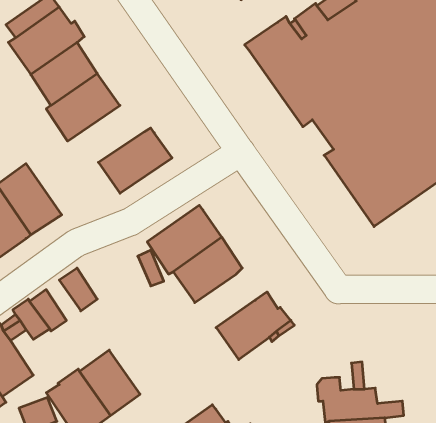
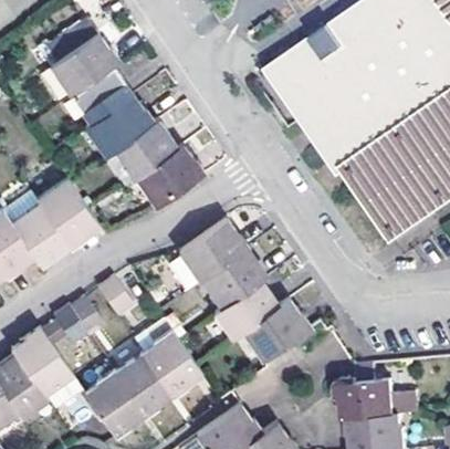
building: none -> [104,122,176,186]
building: none -> [213,282,279,340]
building: none -> [133,319,202,397]

